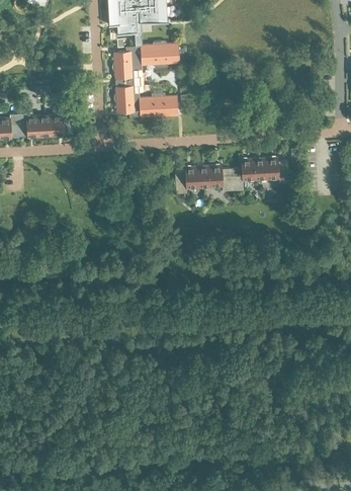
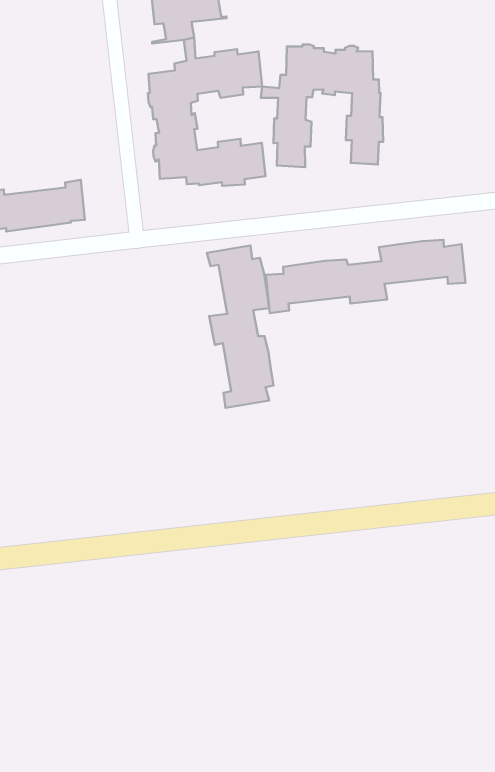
building: none -> [261,44,383,167]
building: none -> [207,245,273,408]

